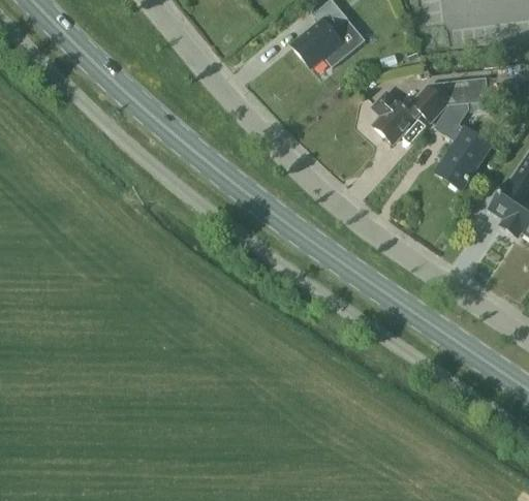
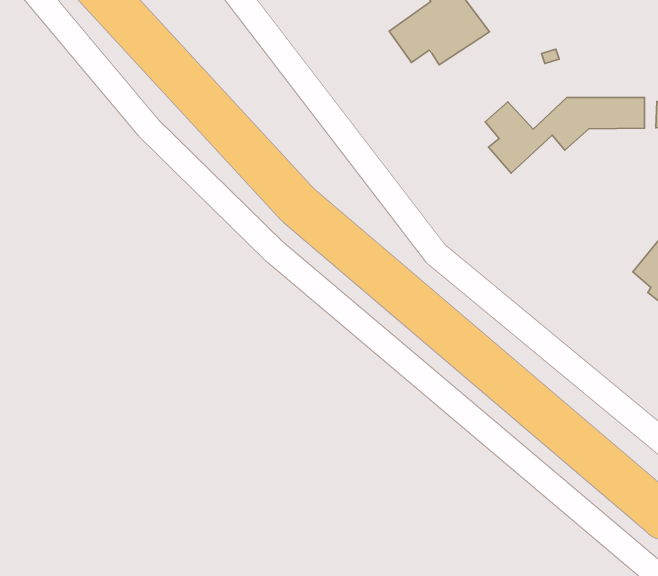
building: [433,102,491,189] -> none

